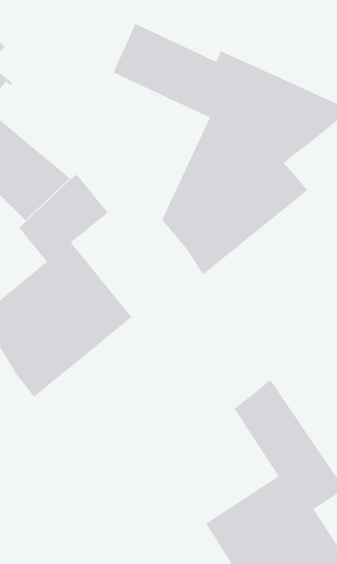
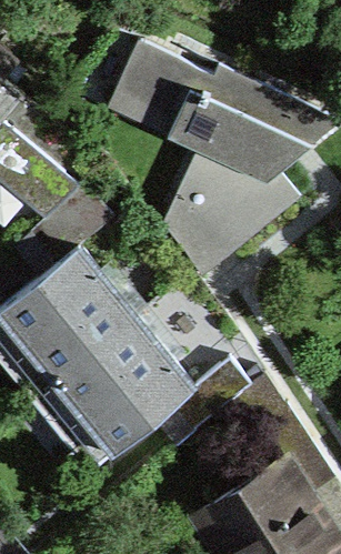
building: none -> [43,315,251,455]

